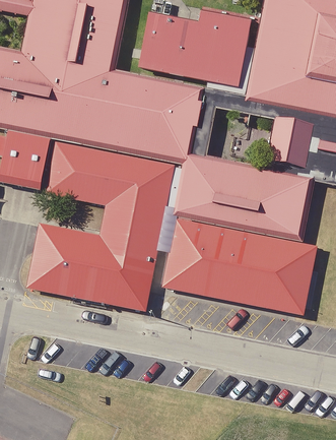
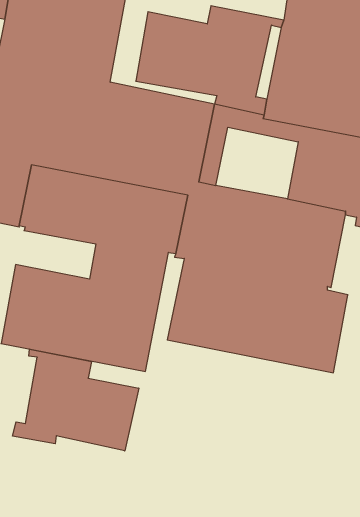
building: none -> [13,349,139,451]

